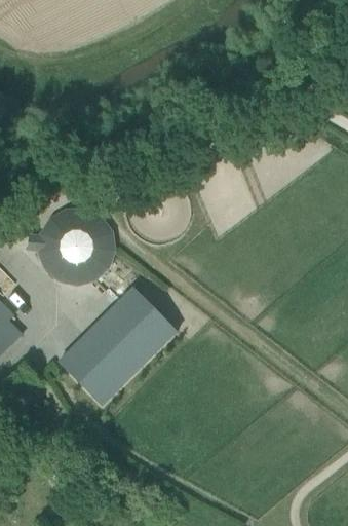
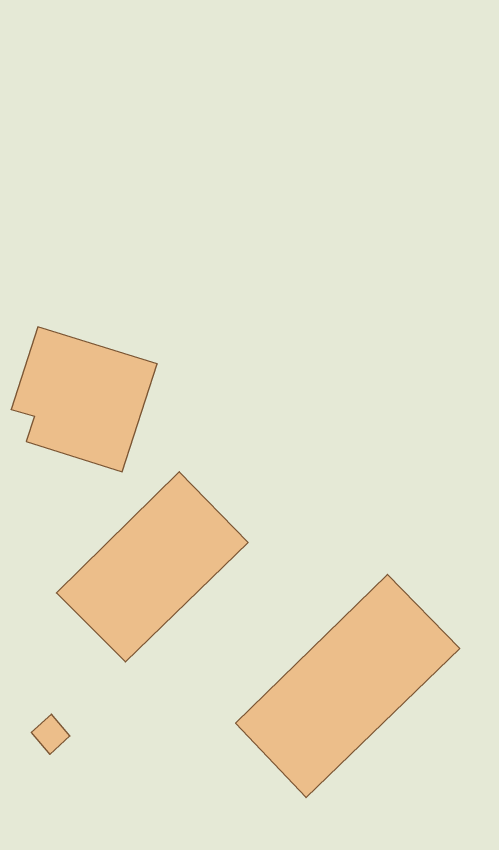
building: none -> [236,574,460,798]

